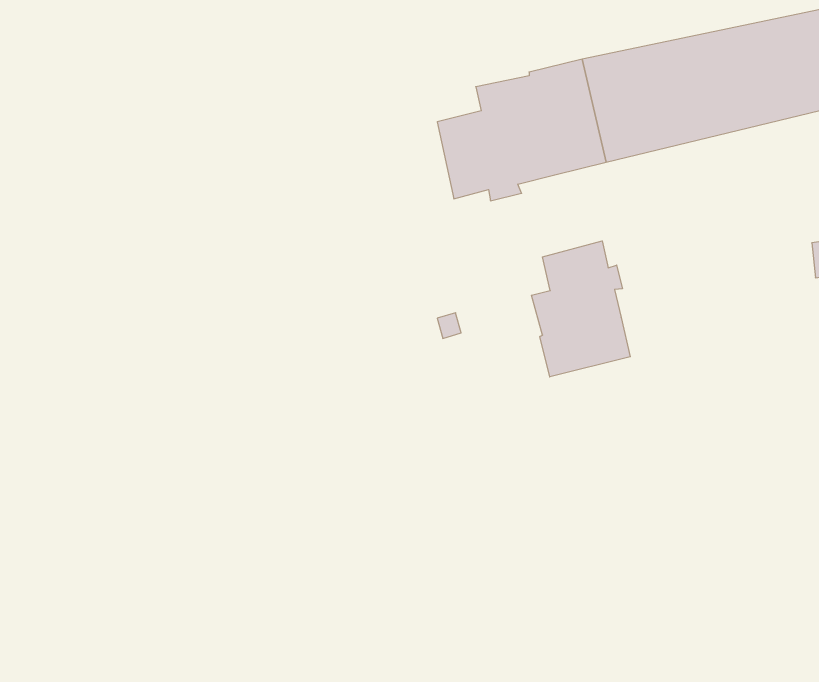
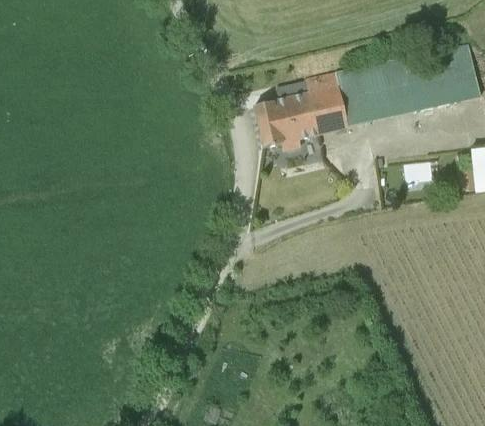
building: [531,241,630,377] -> none

